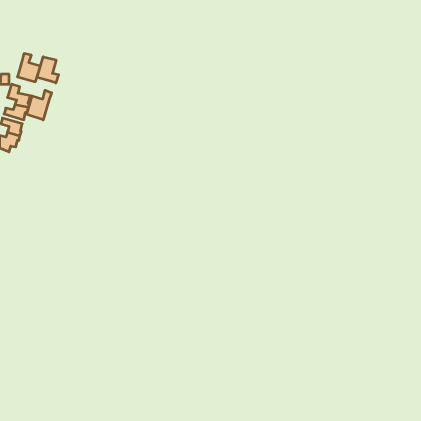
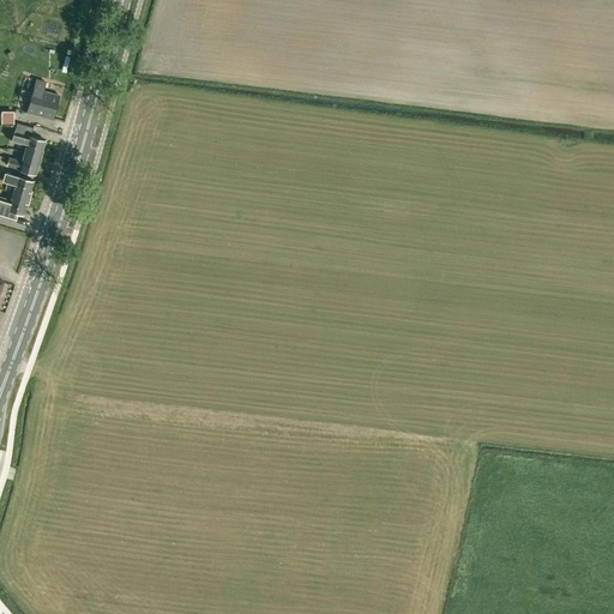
building: [37,57,59,83] -> none
building: [27,90,52,120] -> none

